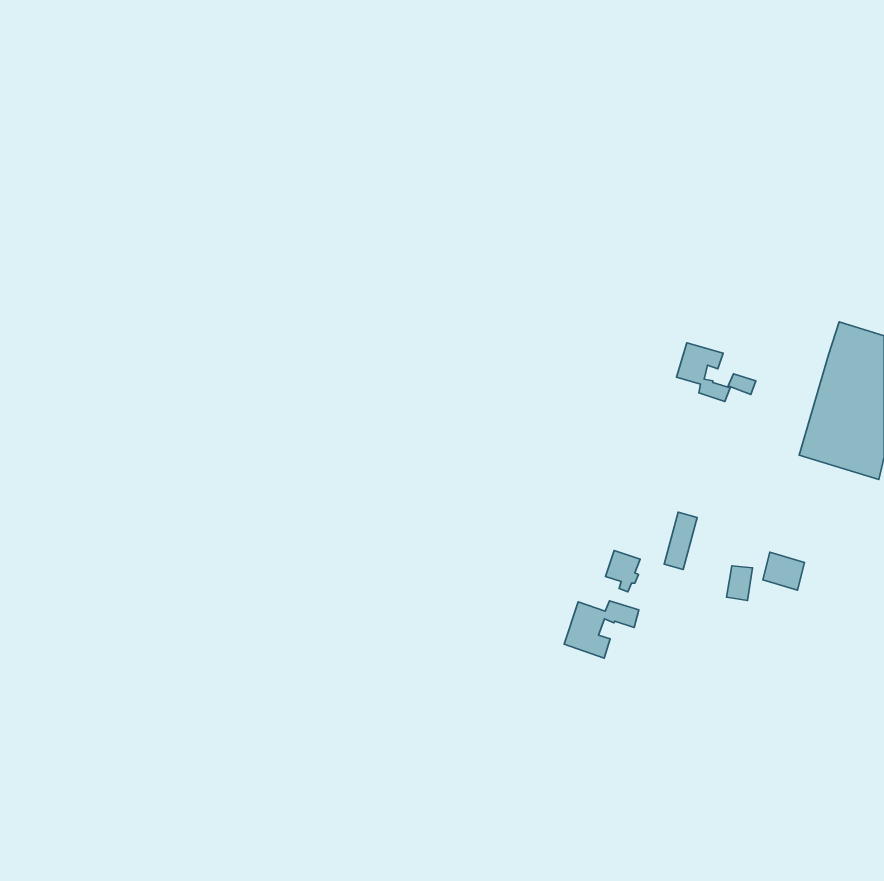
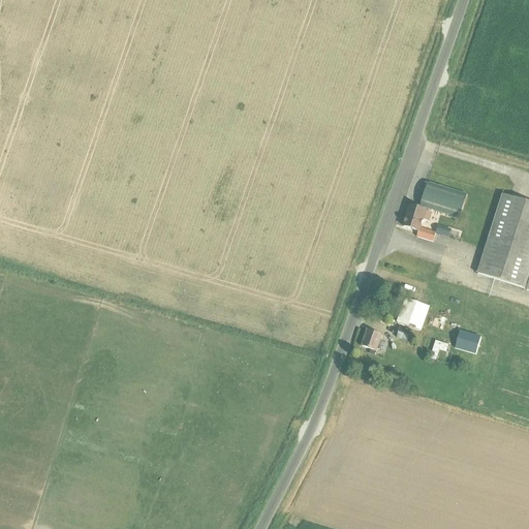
building: none -> [421,182,467,216]
building: [564,601,639,658] -> none

